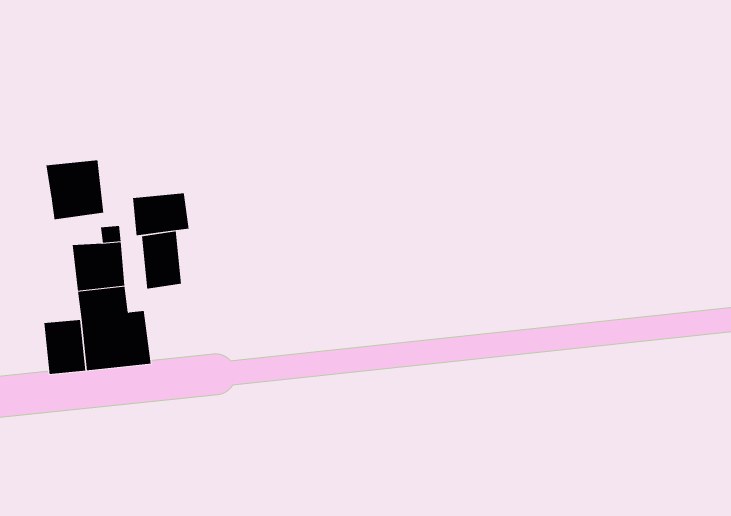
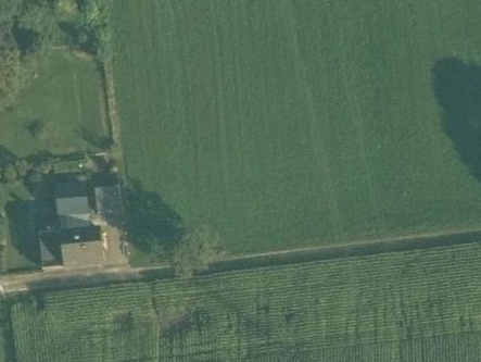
building: [46,159,104,220] -> none
building: [133,192,189,236] -> none

